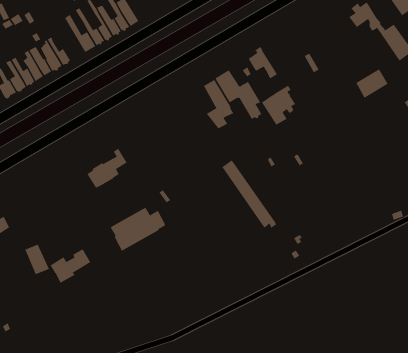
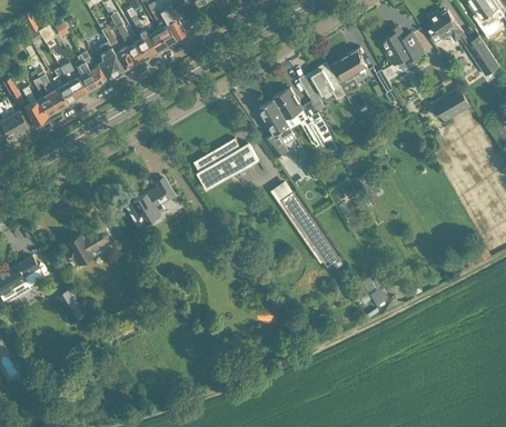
building: none -> [95,29,125,79]
building: none -> [381,30,424,73]
building: [261,85,296,126] -> [329,48,369,95]
building: [110,207,166,251] -> [194,139,258,190]
building: [48,249,91,284] -> [62,226,111,266]

